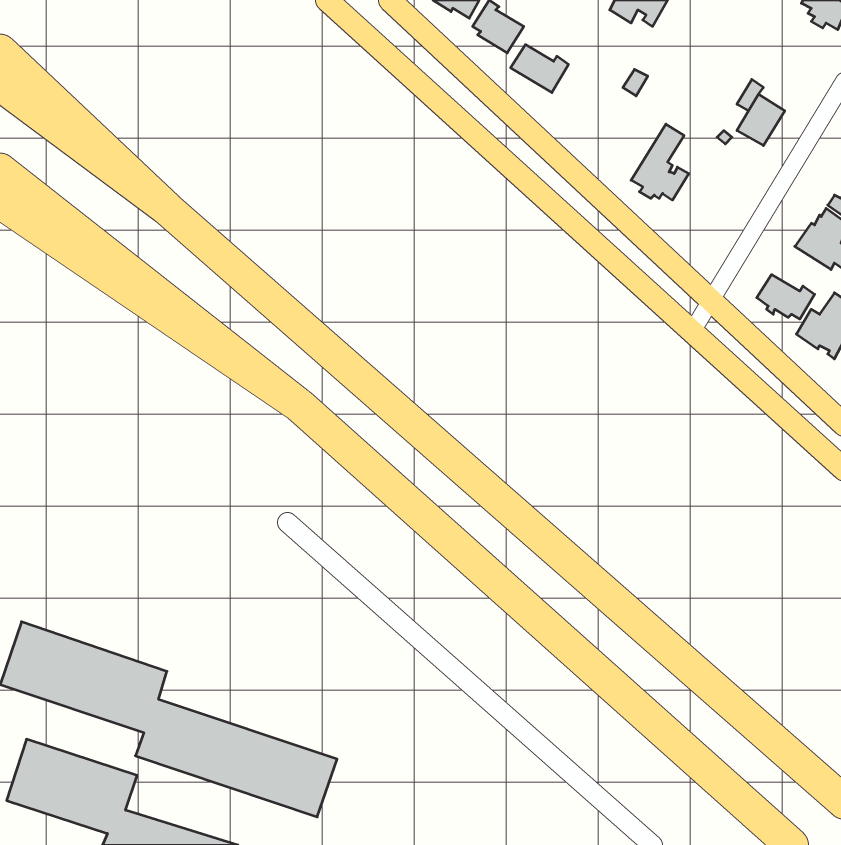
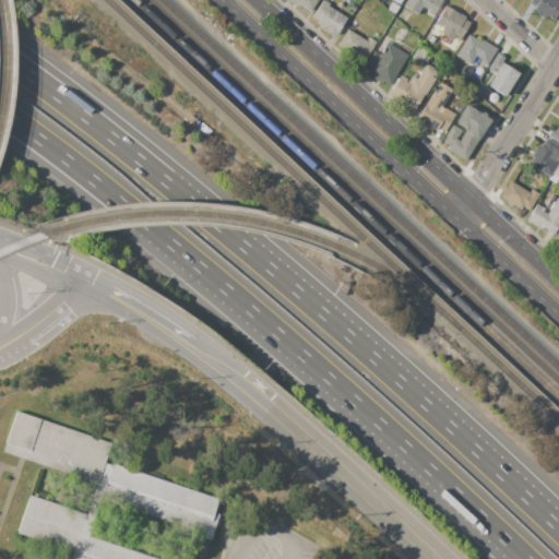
building: none -> [437,5,472,40]
building: none -> [457,35,499,67]
building: none -> [365,43,409,84]
building: none -> [396,63,441,103]
building: none -> [444,105,492,160]

